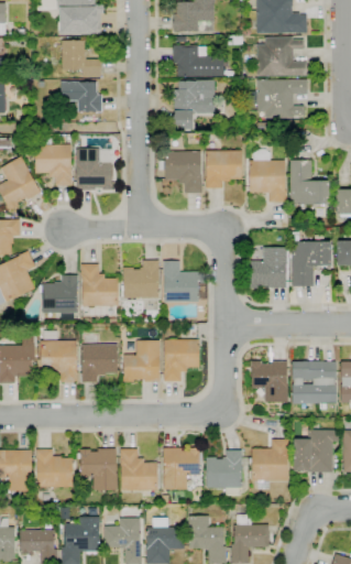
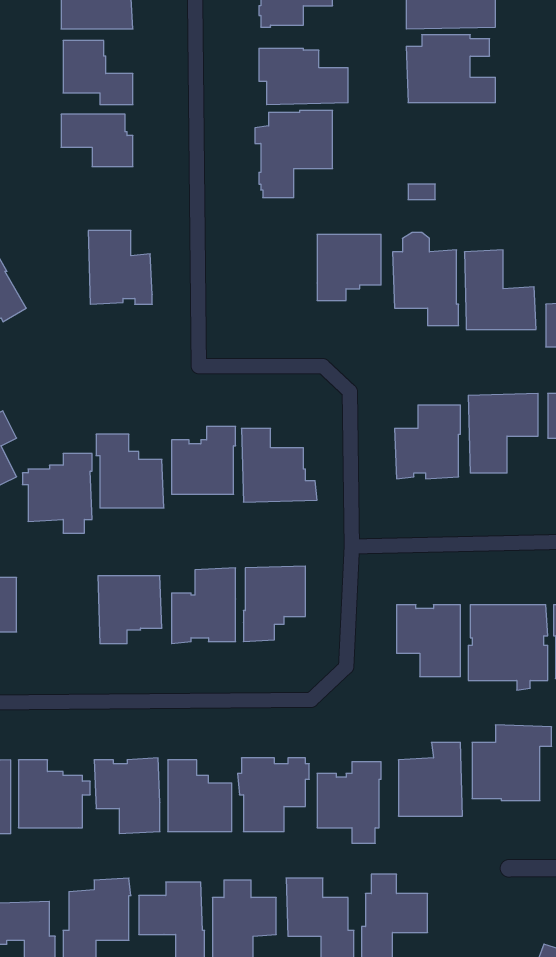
building: [249,79,308,119] -> none
building: [35,144,73,186] -> none
building: [165,152,201,194] -> none
building: [37,340,78,382] -> none

